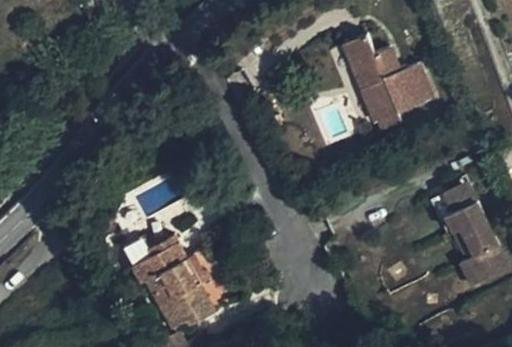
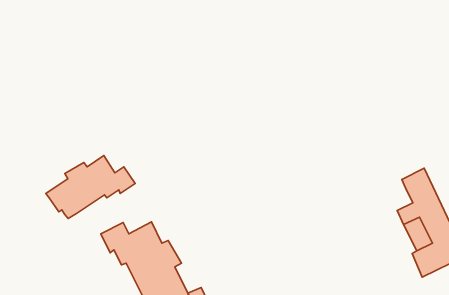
building: [343,33,433,121] -> none
building: none -> [46,155,135,219]

